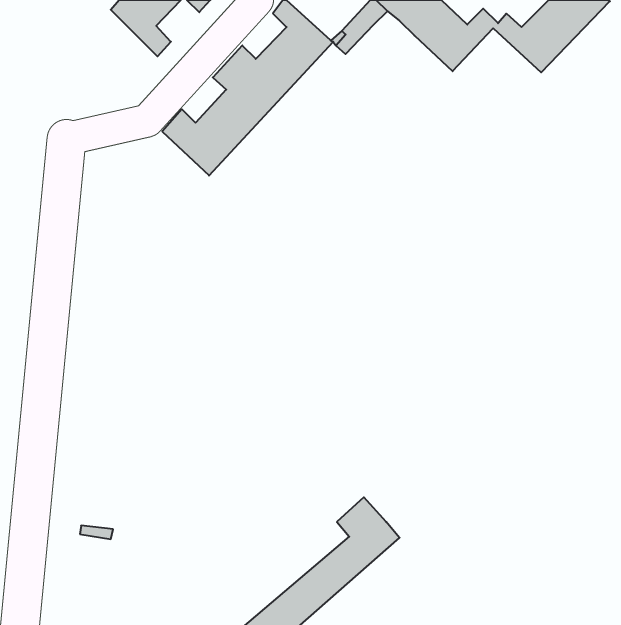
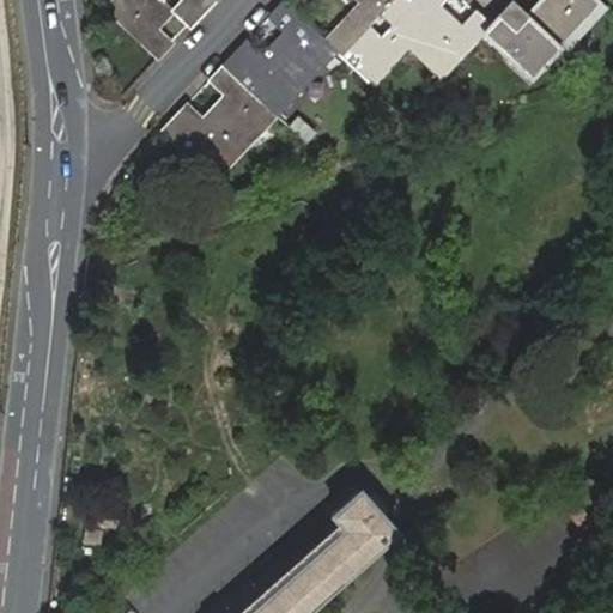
building: none -> [344,23,411,79]

